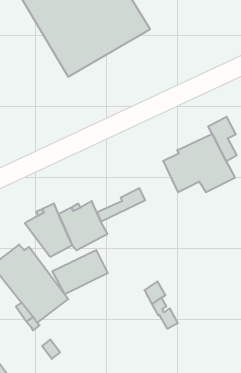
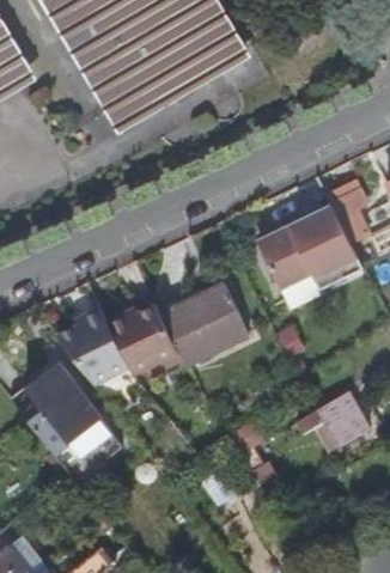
building: [52,250,108,294] -> [169,301,250,366]
building: none -> [300,390,368,449]

